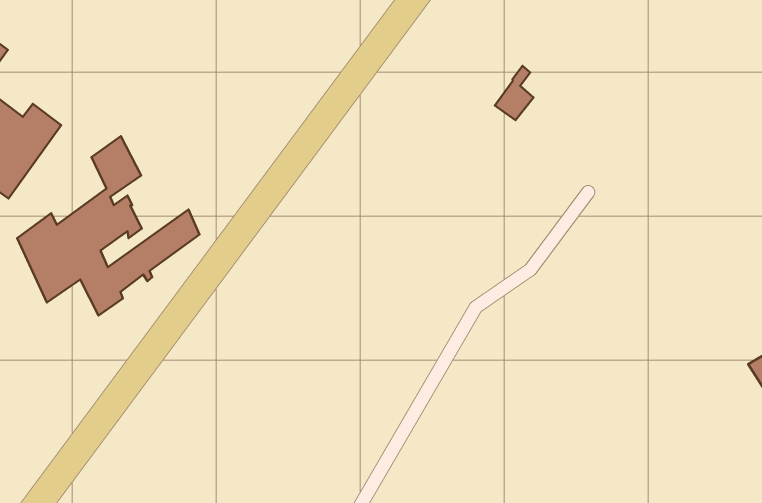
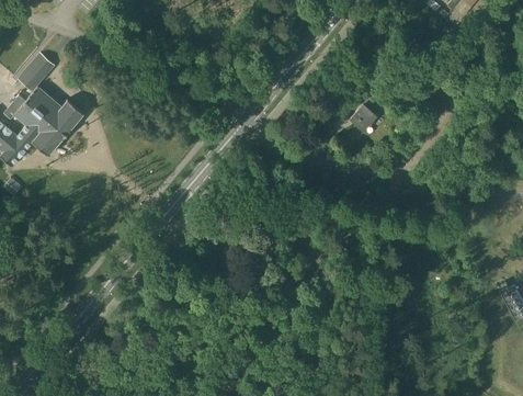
building: [17,136,199,316] -> none

